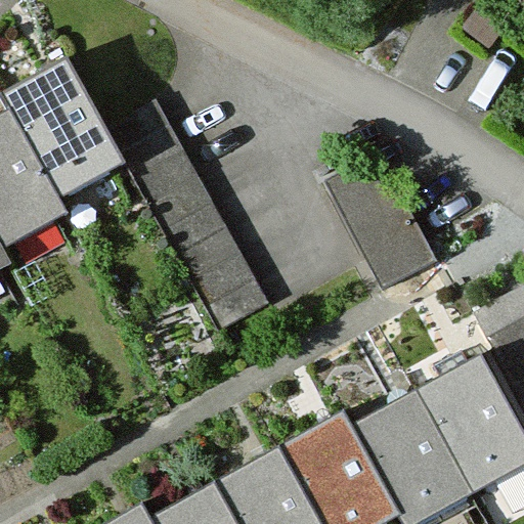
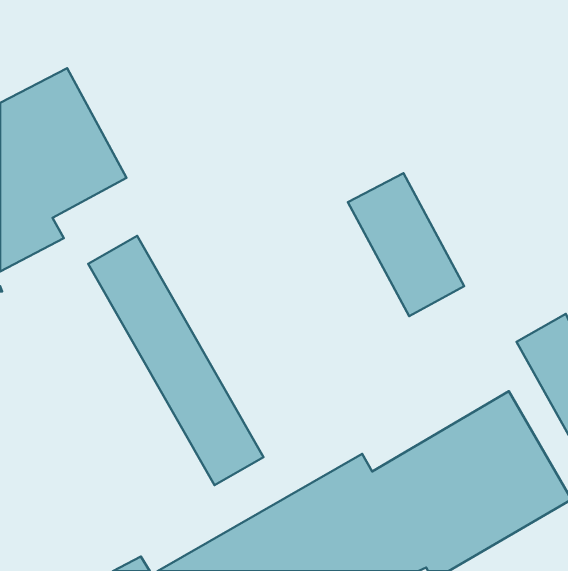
building: [113,101,273,330] -> [88,236,264,485]

